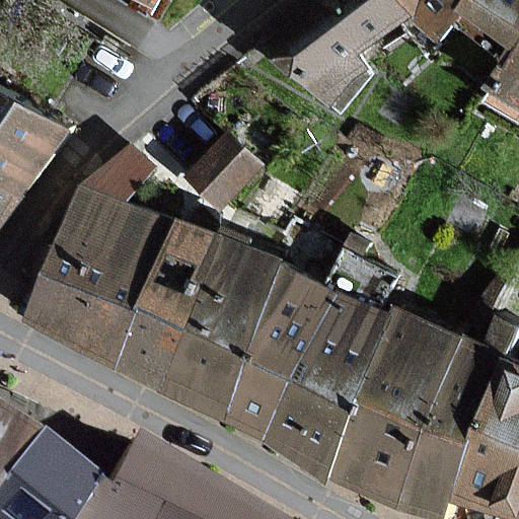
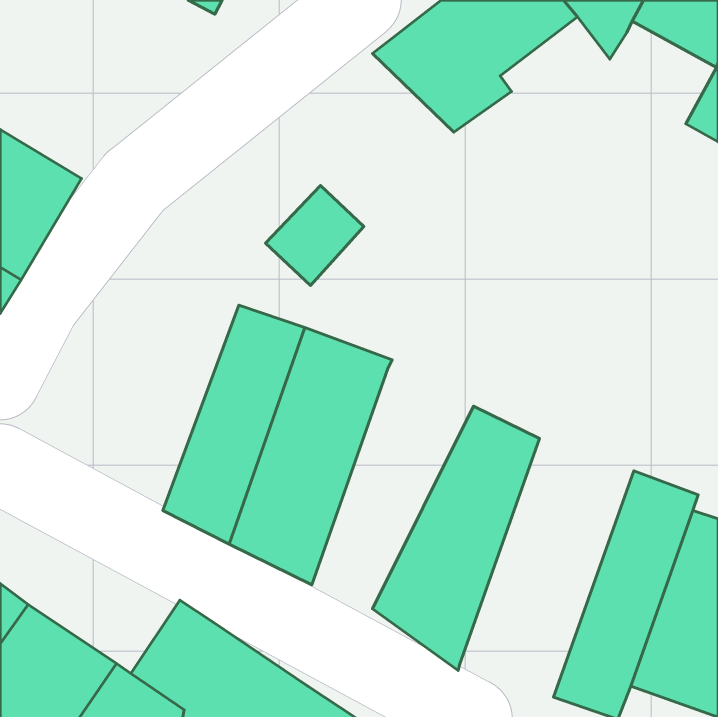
building: [27,149,172,369] -> none
building: [225,267,342,440] -> none
building: [331,317,457,504] -> none

